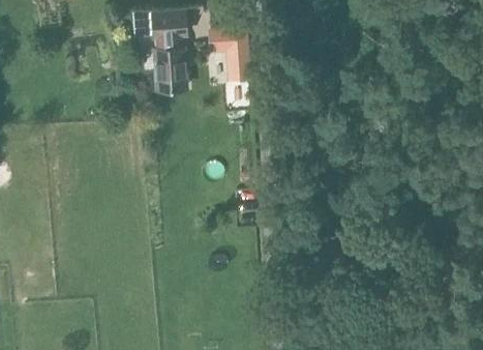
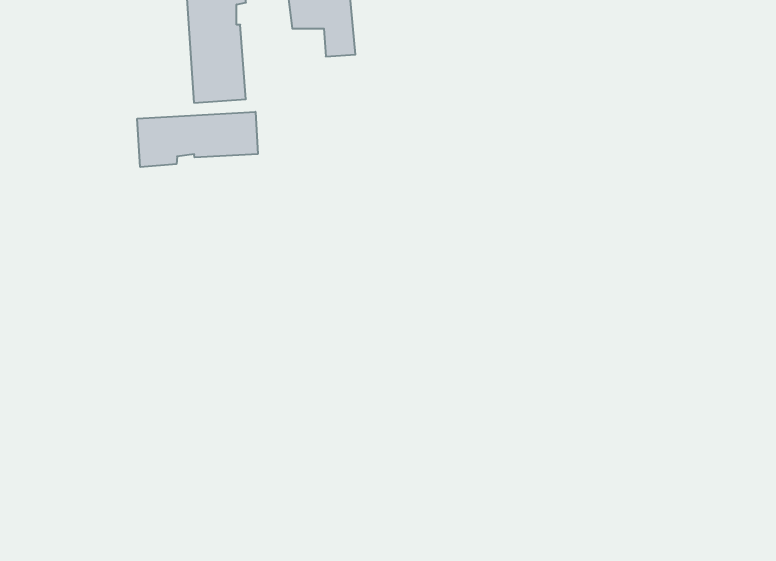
building: none -> [137,112,258,167]

